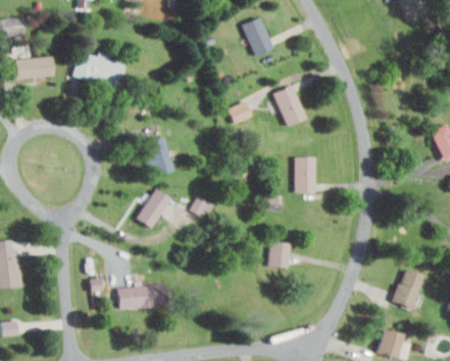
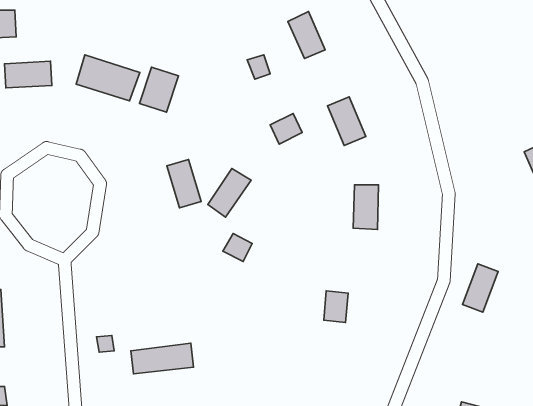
building: none -> [140,67,178,112]
building: [136,189,170,228] -> [208,169,251,217]
building: [395,270,423,309] -> [462,264,498,312]

